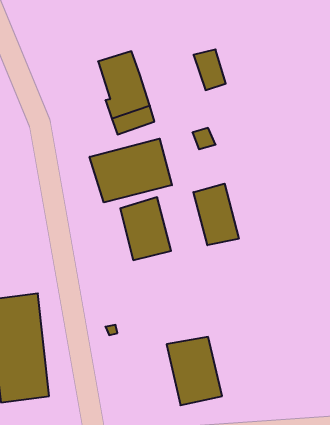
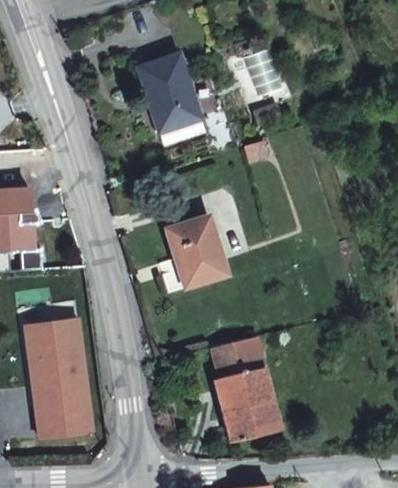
building: [90,139,172,202] -> none
building: [193,184,239,245] -> none
building: none -> [211,335,262,375]

